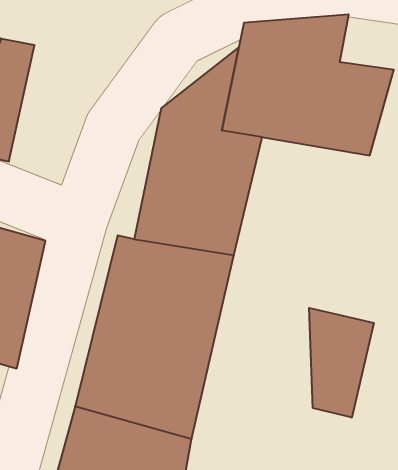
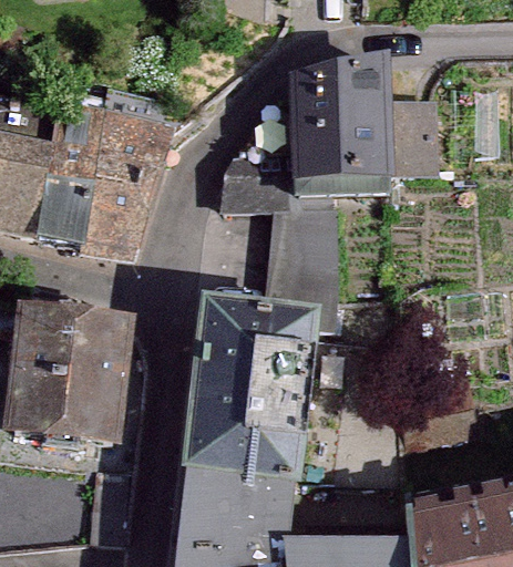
building: none -> [84,132,153,258]
building: [309,308,374,418] -> none

